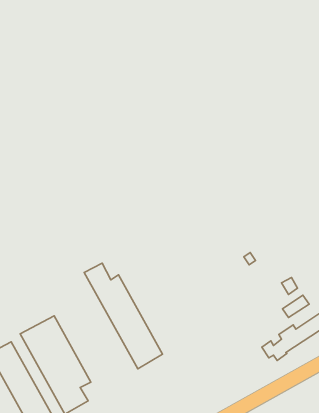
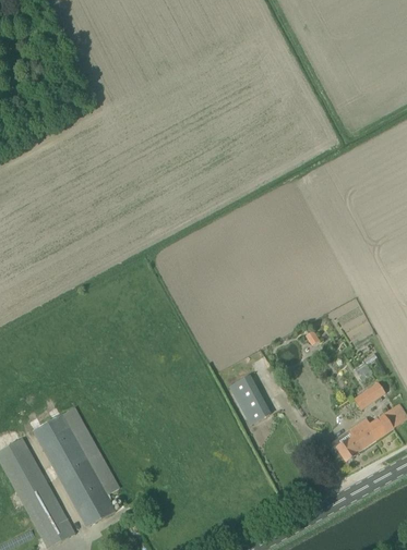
building: [84,263,163,369] -> none
building: none -> [229,376,270,425]

